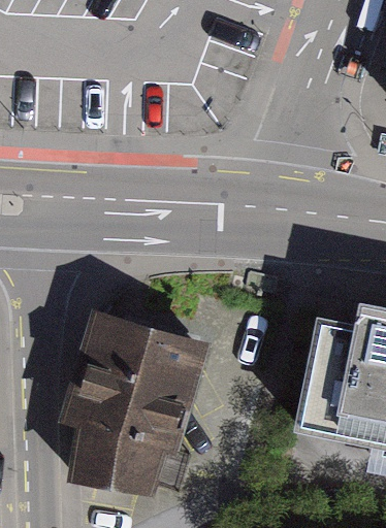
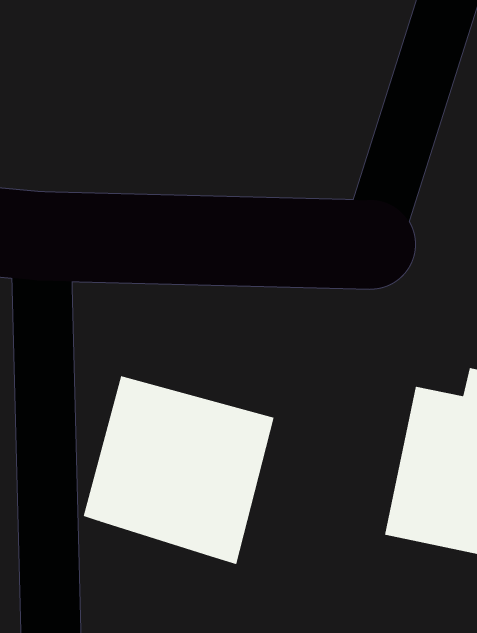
building: [68,424,162,499] -> none

